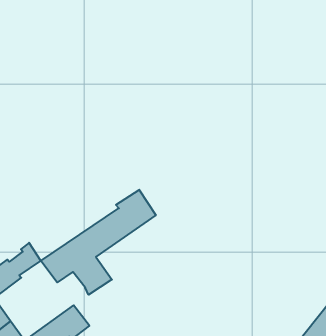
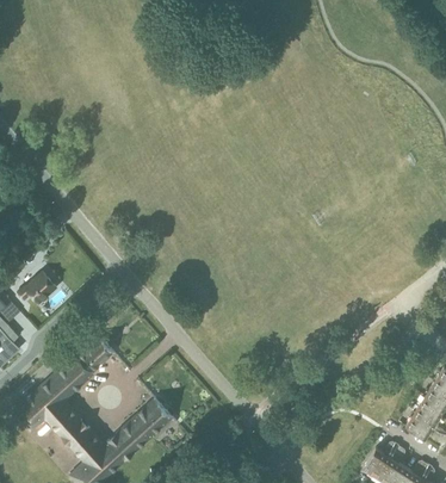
building: [41,190,156,295] -> none

